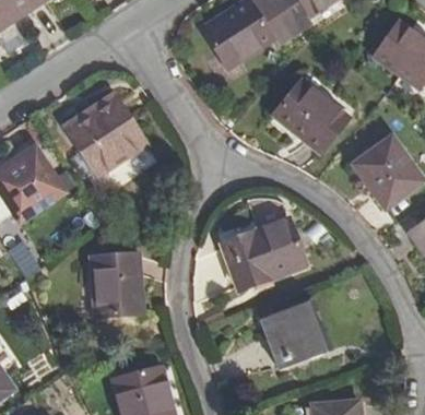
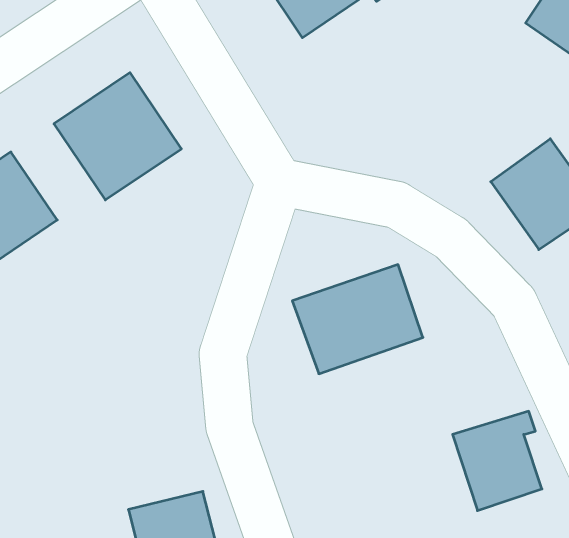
building: [273,81,350,150] -> none
building: [91,250,143,317] -> none
building: [263,303,322,368] -> [453,411,542,511]

